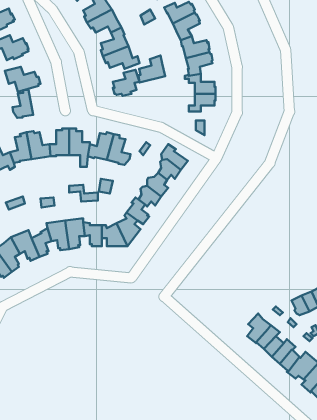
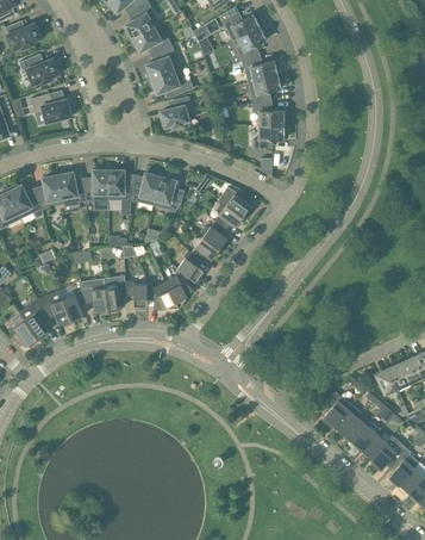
building: [138,56,165,82] -> none
building: [13,90,33,118] -> none

